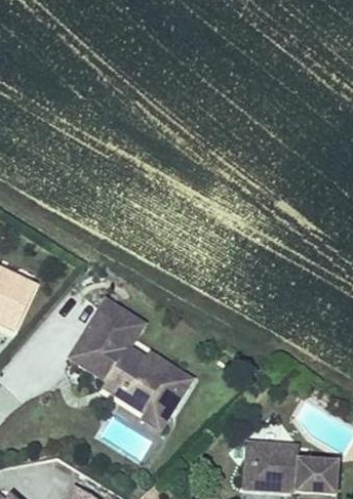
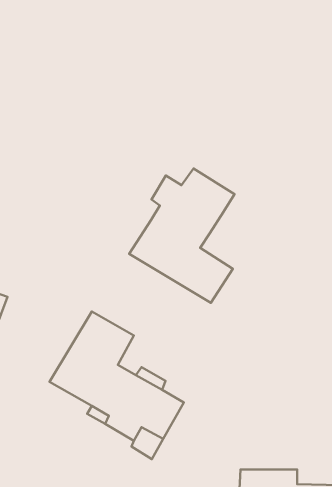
building: none -> [129,168,235,303]

